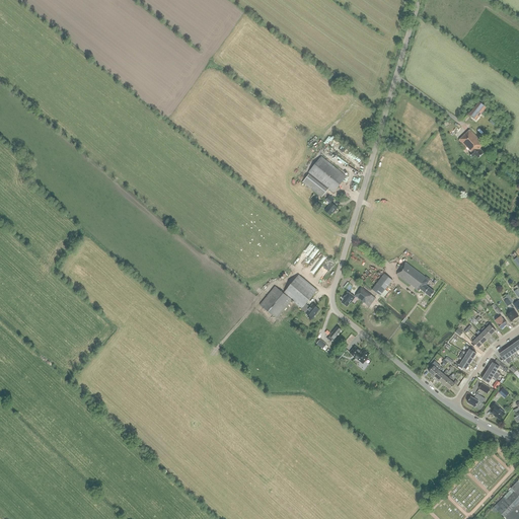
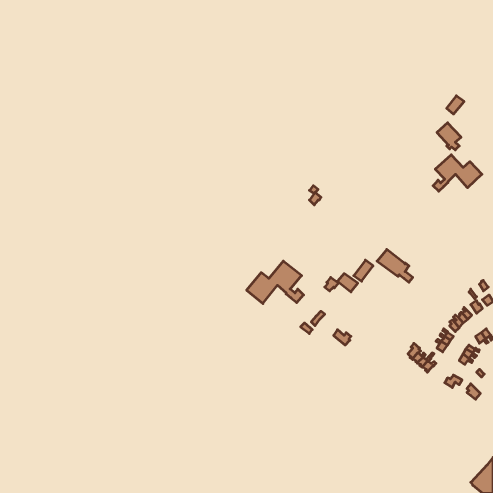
building: [301,156,346,197] -> none
building: none -> [433,155,482,191]

